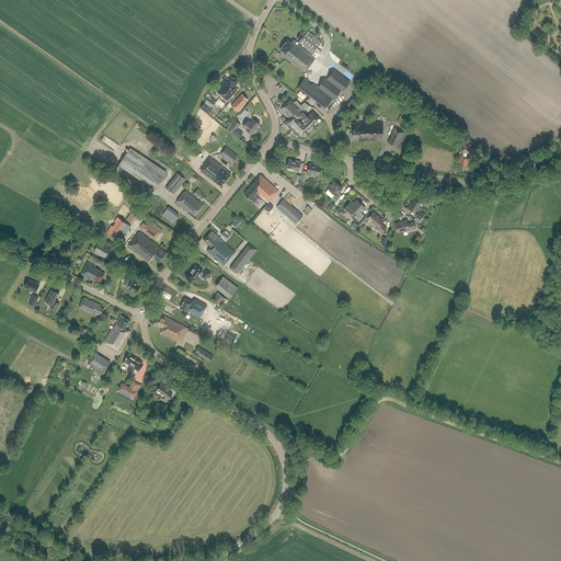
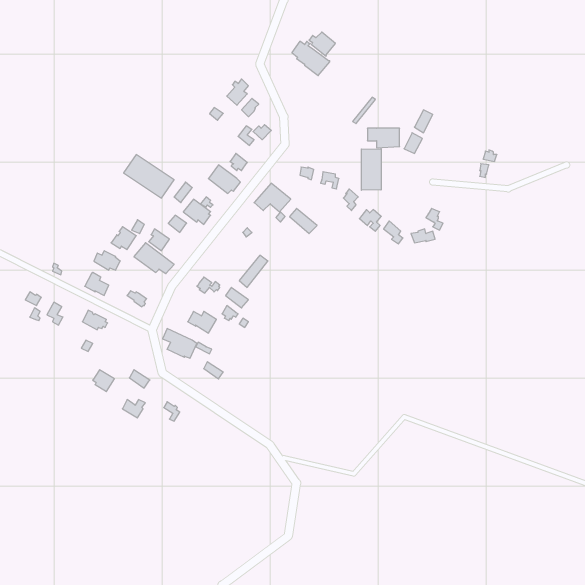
building: [297,70,348,108] -> none
building: [282,100,319,138] -> none
building: none -> [361,149,381,190]
building: [204,231,234,265] -> none
building: [103,316,130,351] -> none

